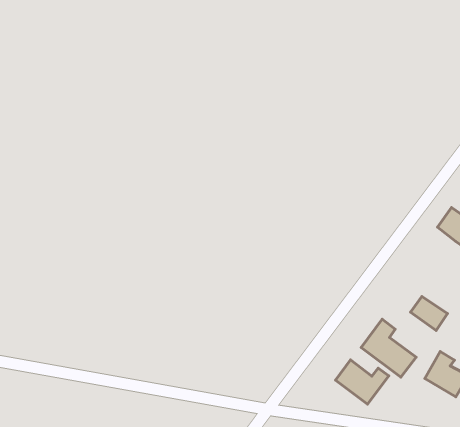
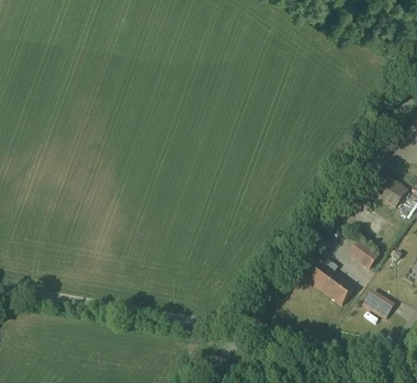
building: [335,360,389,404] -> none

